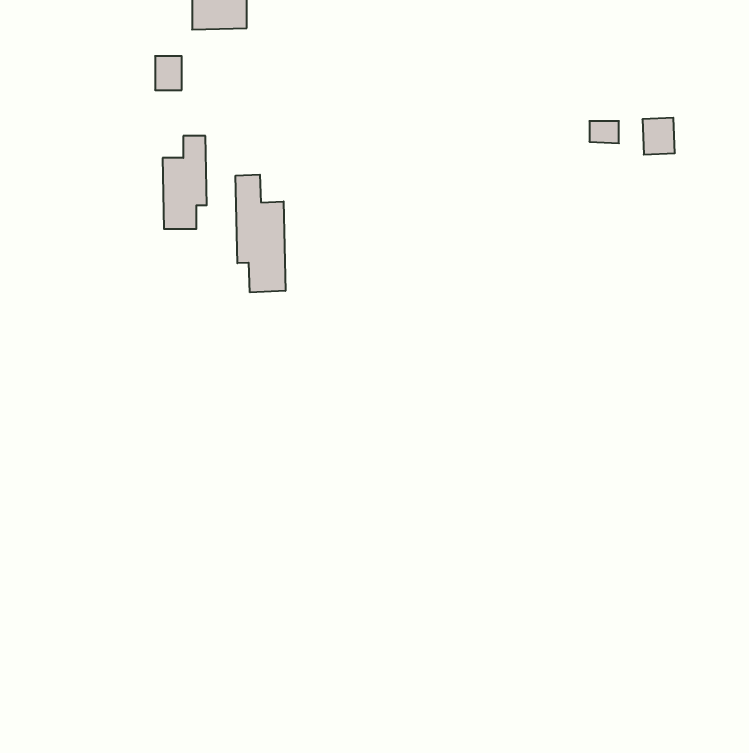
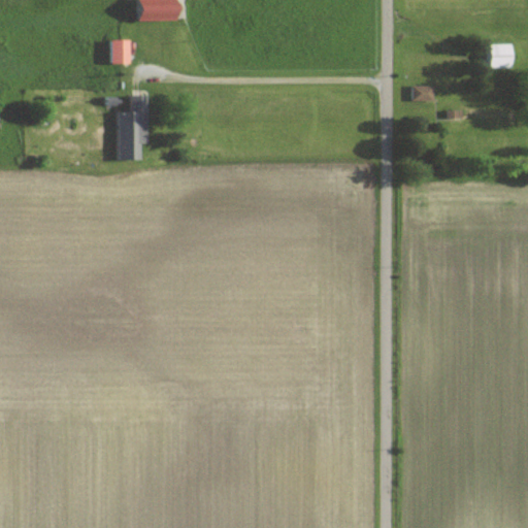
building: [642,118,675,155] -> [491,42,514,68]
building: [236,175,285,292] -> none

